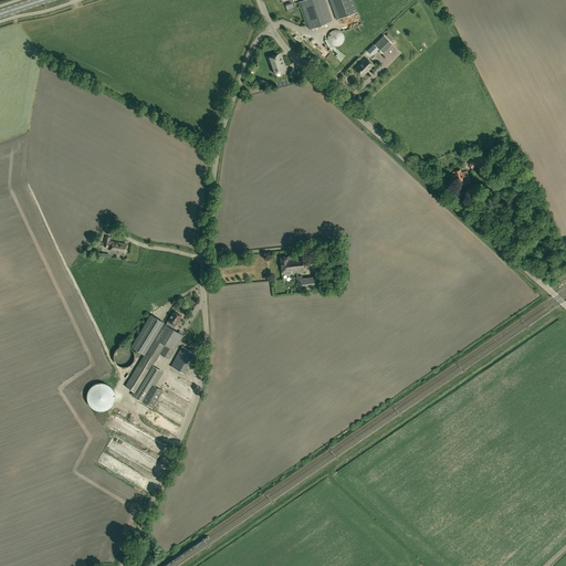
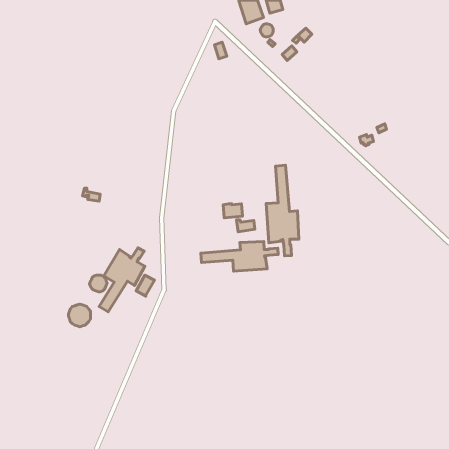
building: none -> [266,165,299,256]
building: none -> [201,241,278,271]

